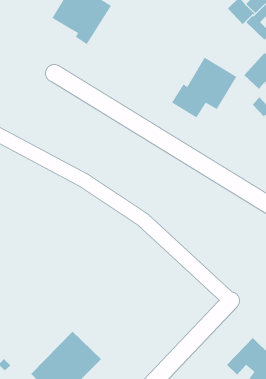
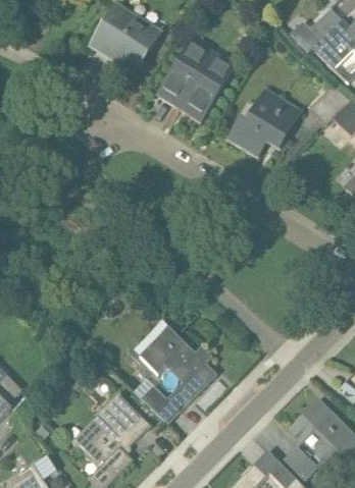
building: none -> [156,41,233,121]
building: none -> [140,326,216,421]

